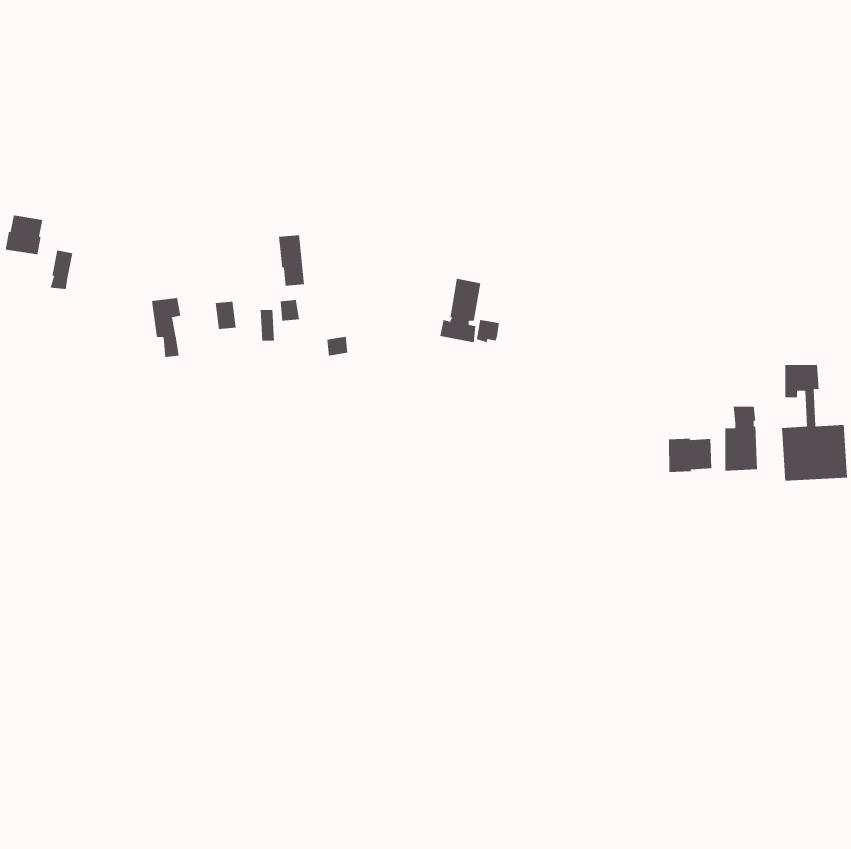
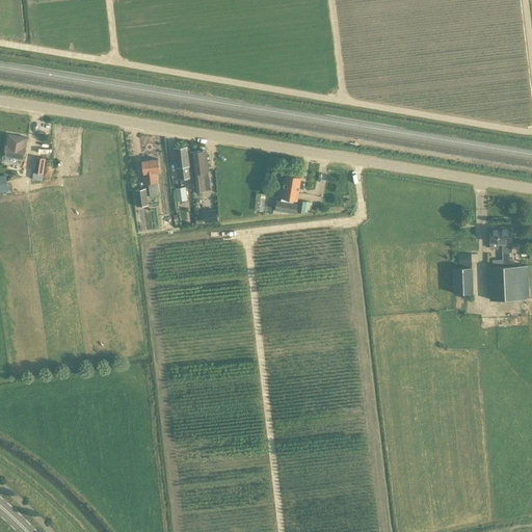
building: none -> [189,151,208,192]
building: [151,298,181,358] -> [141,160,160,197]
building: [668,438,712,473] -> none

